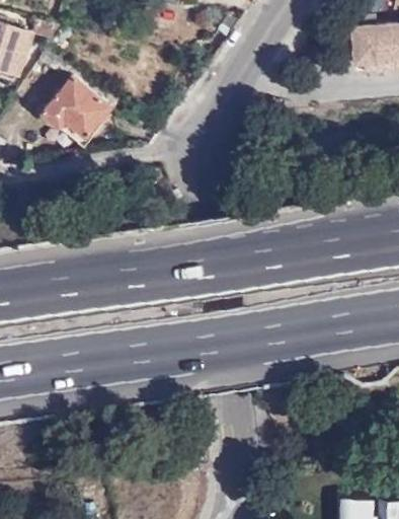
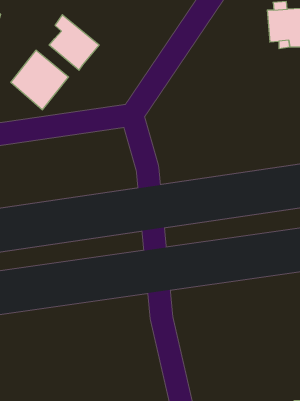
building: none -> [49,15,99,70]

